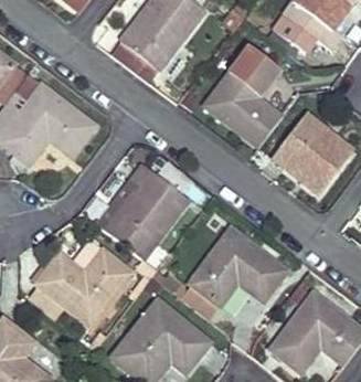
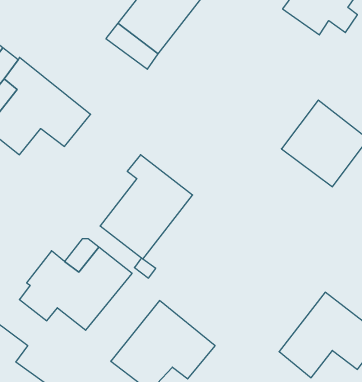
building: [204,49,280,146] -> none
building: [188,227,286,306] -> none

